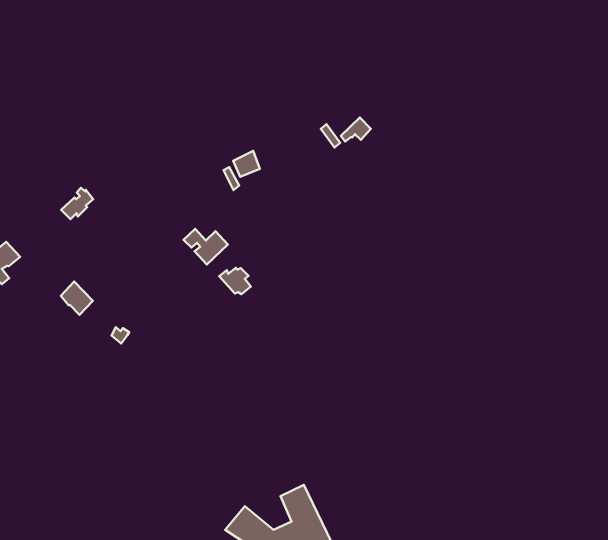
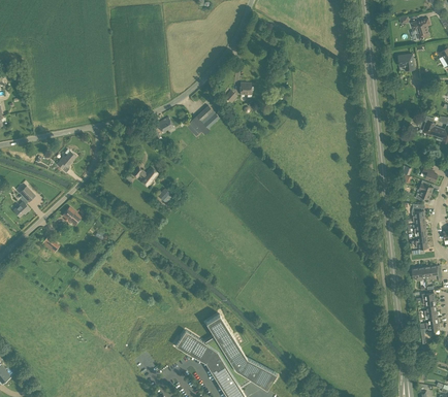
building: none -> [185,105,219,135]

